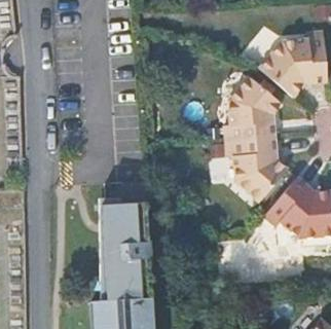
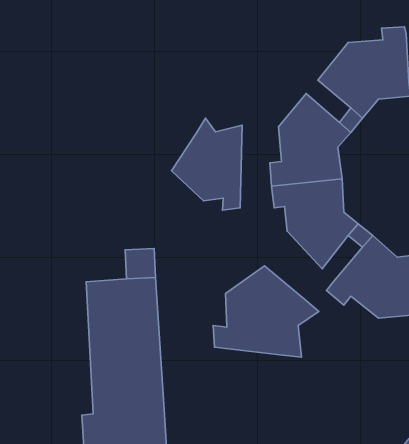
building: none -> [171,118,242,210]
building: none -> [213,266,319,357]

